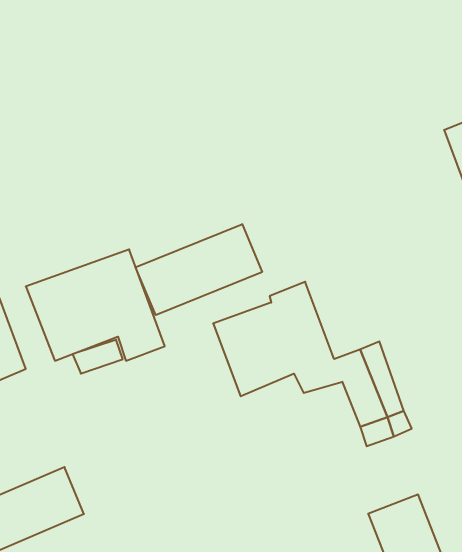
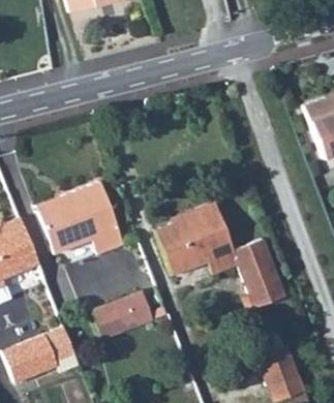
building: [136,224,262,315] -> none
building: none -> [96,292,155,338]

